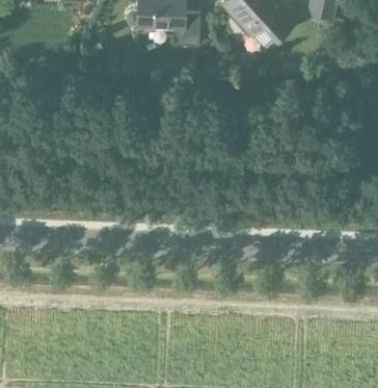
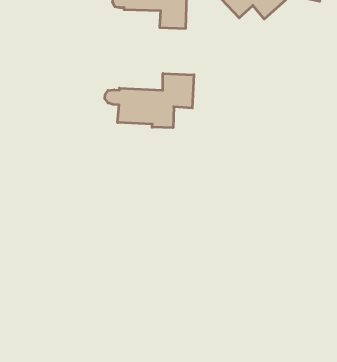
building: none -> [105,73,194,128]

